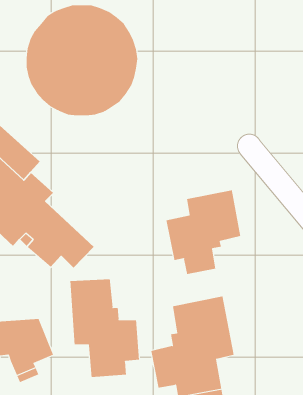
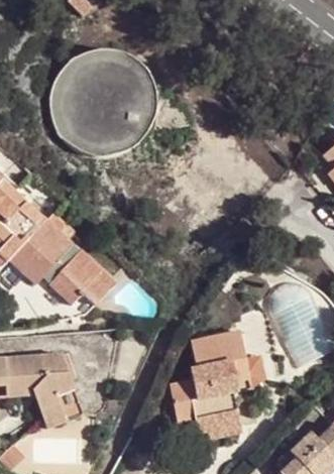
building: [166,190,241,275] -> none
building: [70,278,139,378] -> none

